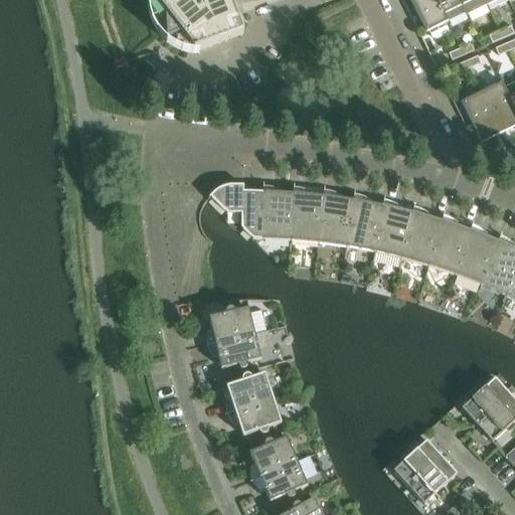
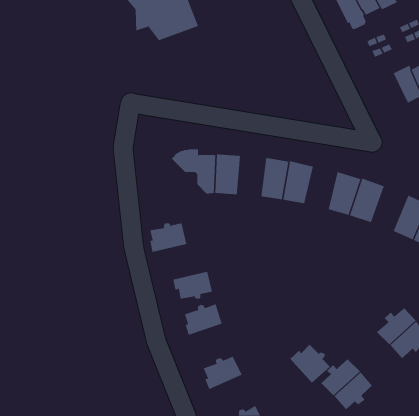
building: [462,90,500,137] -> none
building: [292,190,326,240] -> none
building: [374,202,413,256] -> none
building: [456,226,500,283] -> none
building: [209,306,255,342] -> [149,223,187,252]
building: [231,396,282,434] -> none
building: none -> [289,344,331,384]
building: [256,459,308,499] -> none

